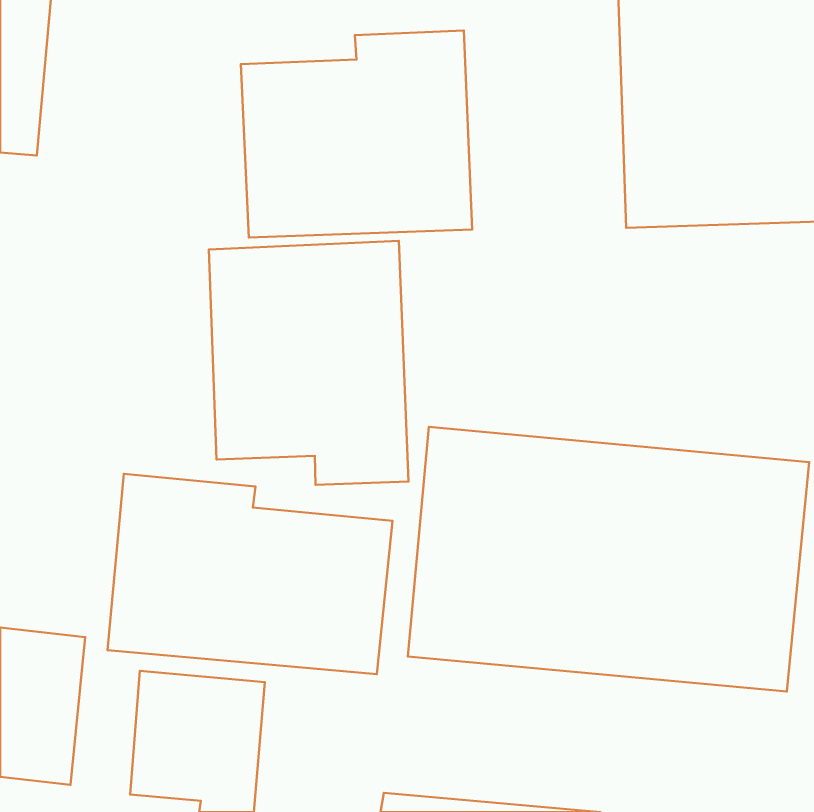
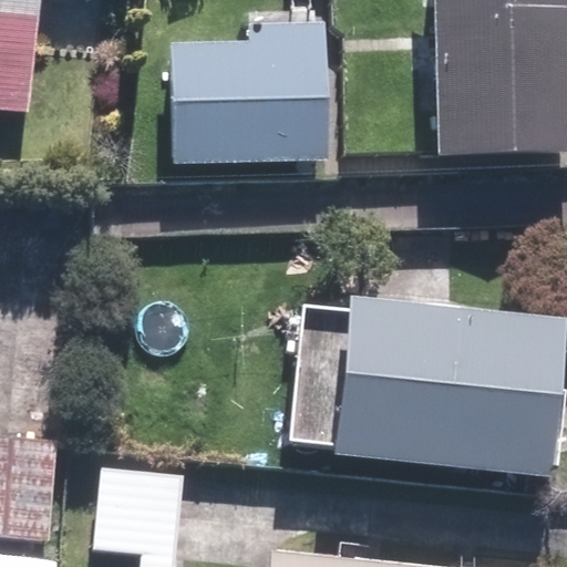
building: [209,241,408,485] -> none
building: [107,474,392,674] -> none

